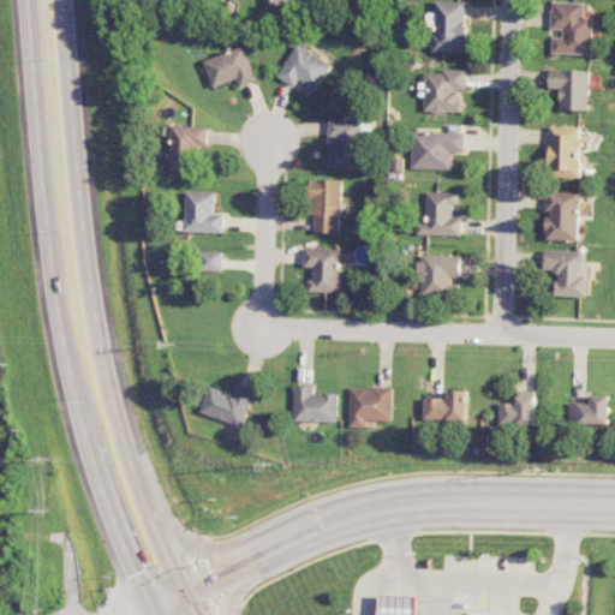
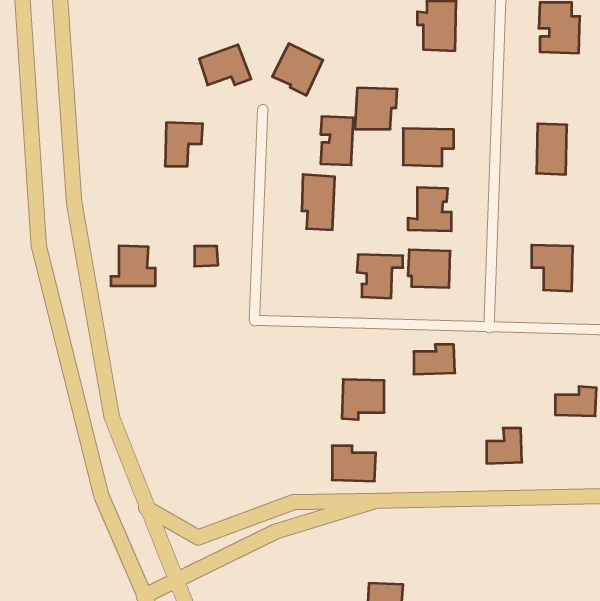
building: [422,71,465,113] -> [355,88,397,129]
building: [548,71,586,112] -> none
building: [177,192,222,233] -> [111,246,155,286]
building: [543,192,577,241] -> none
building: [303,249,350,293] -> [357,255,403,298]
building: [198,383,255,428] -> none
building: [293,387,338,423] -> [332,446,376,481]
building: [424,392,466,422] -> [414,345,455,374]
building: [497,392,533,428] -> [487,428,522,463]

